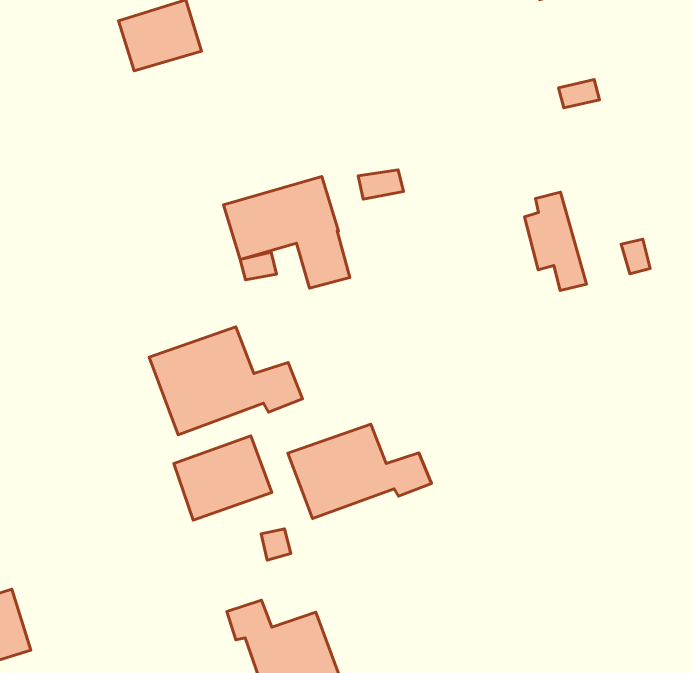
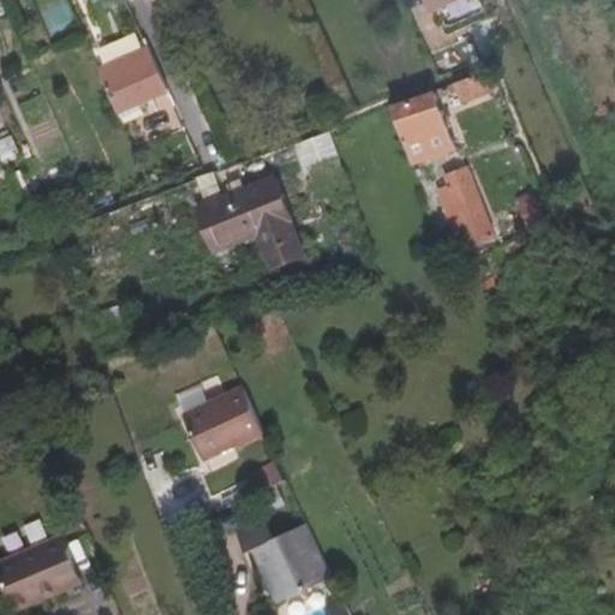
building: none -> [392,96,453,159]
building: [149,327,303,435] -> none
building: [288,424,431,519] -> none

